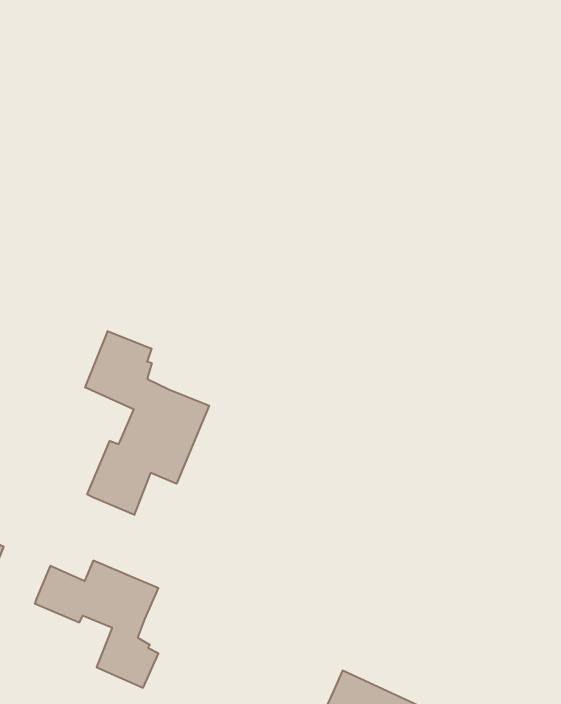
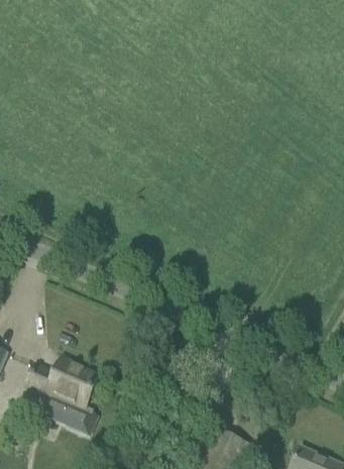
building: [85,331,209,515] -> none

